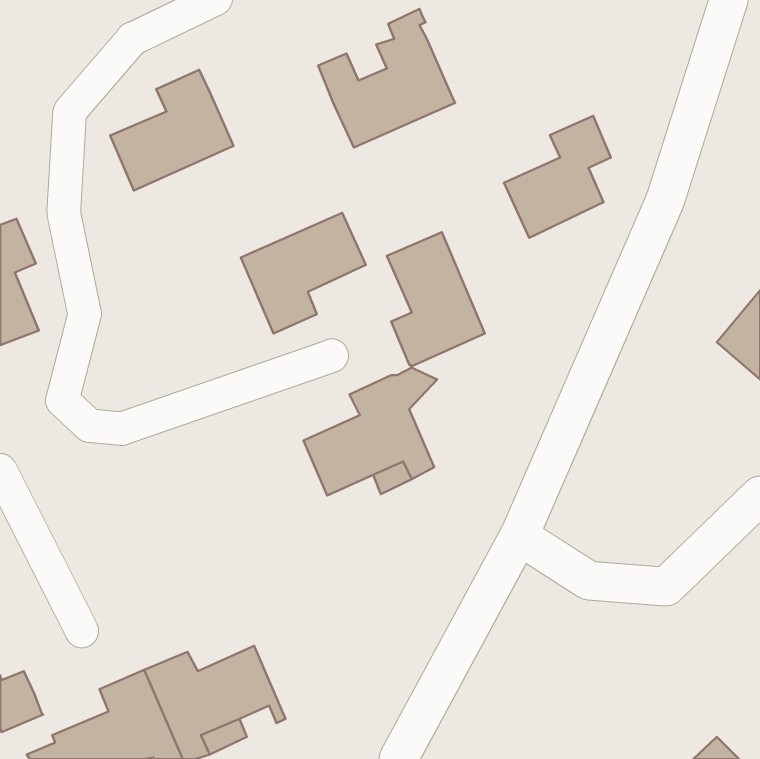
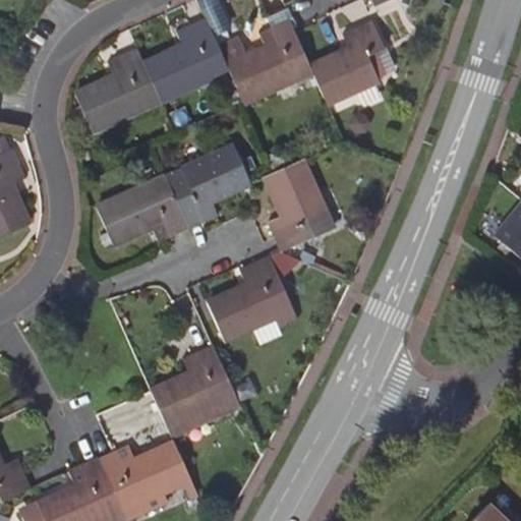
building: none -> [143,17,228,100]
building: [504,116,611,238] -> [309,20,383,104]
building: none -> [97,176,187,243]
building: none -> [150,344,241,440]

